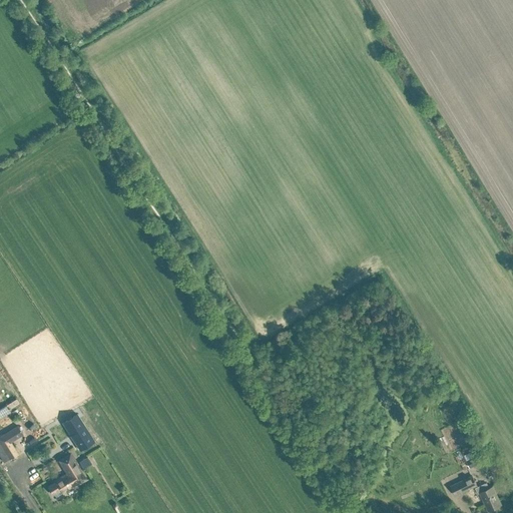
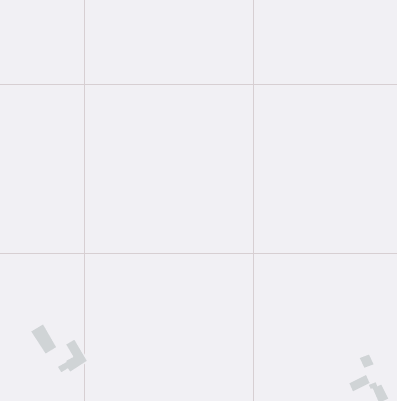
building: [46,454,84,496] -> [57,339,88,373]

